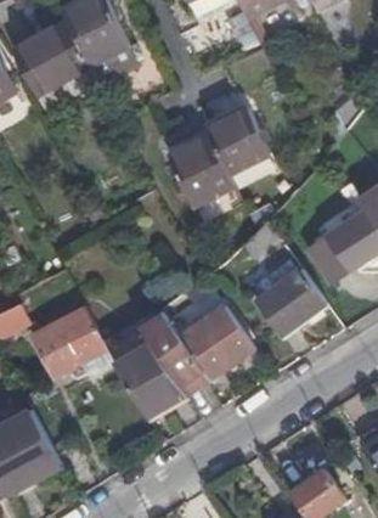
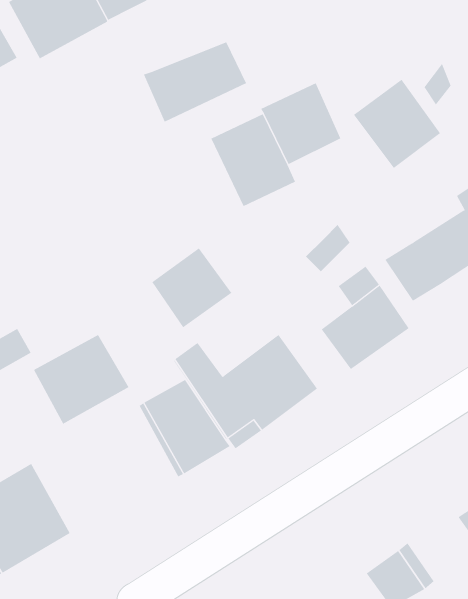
building: none -> [143,41,247,123]
building: none -> [353,79,441,169]
building: none -> [151,247,232,328]

